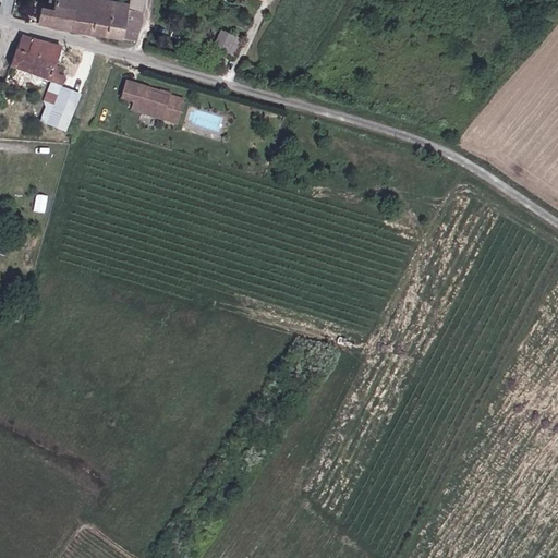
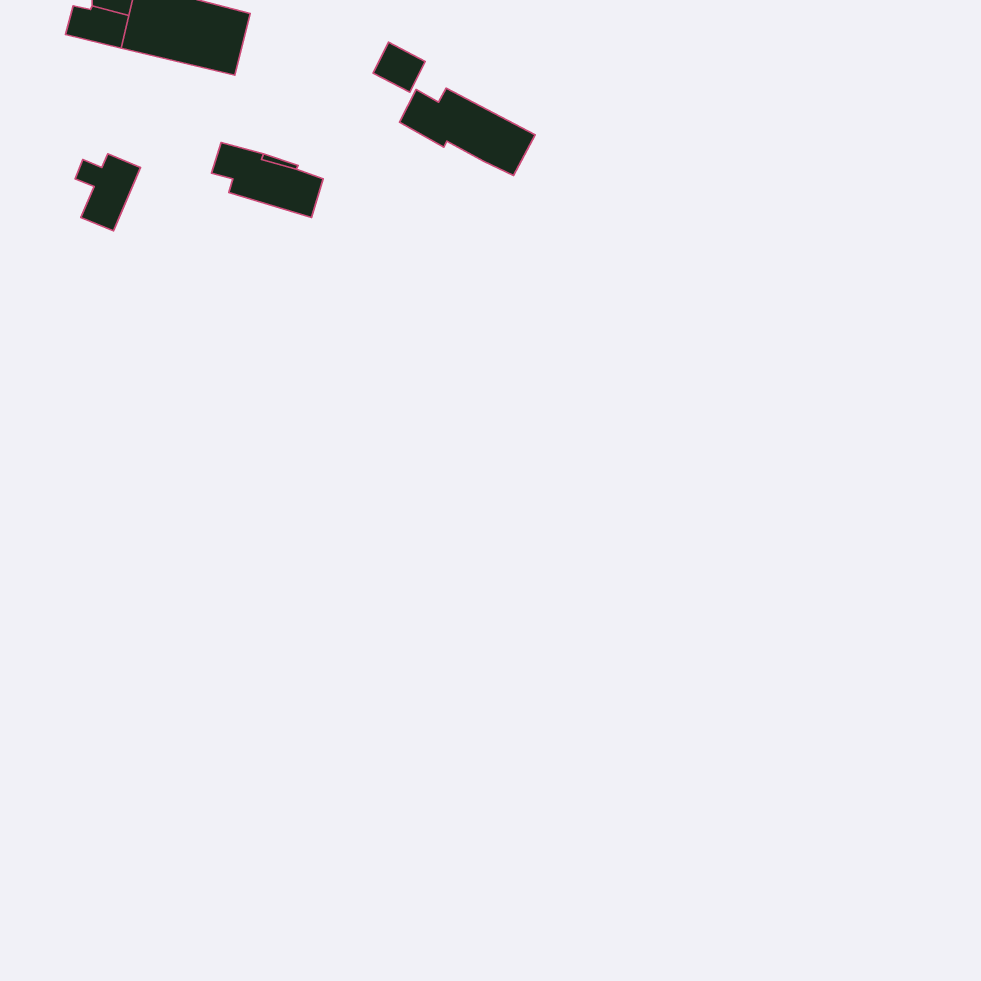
building: [10,37,65,86] -> none
building: none -> [399,88,535,175]

